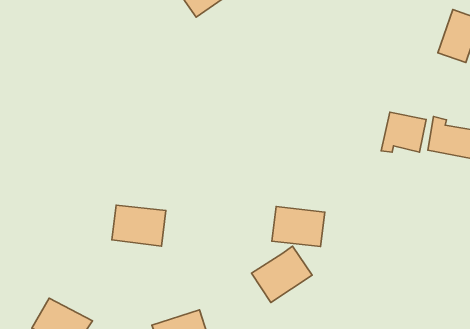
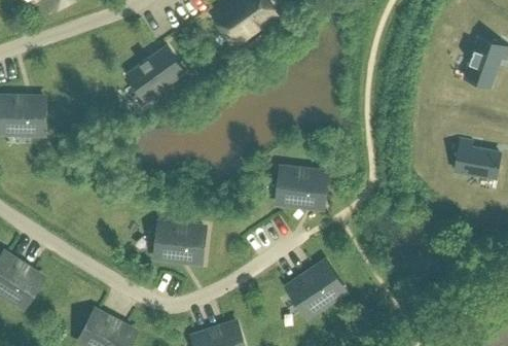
building: none -> [125,44,186,101]
building: [381,112,426,152] -> none
building: [272,207,325,247] -> [277,168,327,206]

